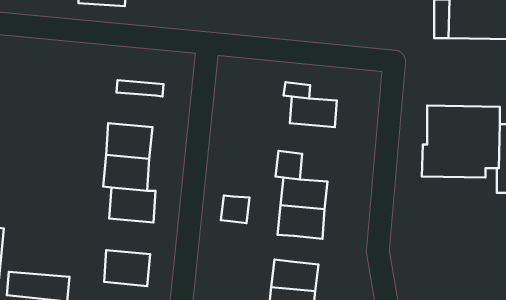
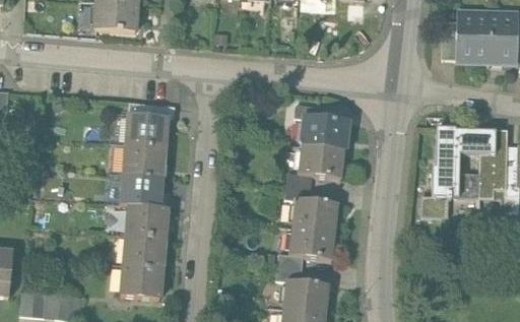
building: none -> [121,114,168,148]
building: none -> [298,144,345,177]
building: [221,195,250,223] -> [276,254,305,281]
building: none -> [119,239,166,274]

